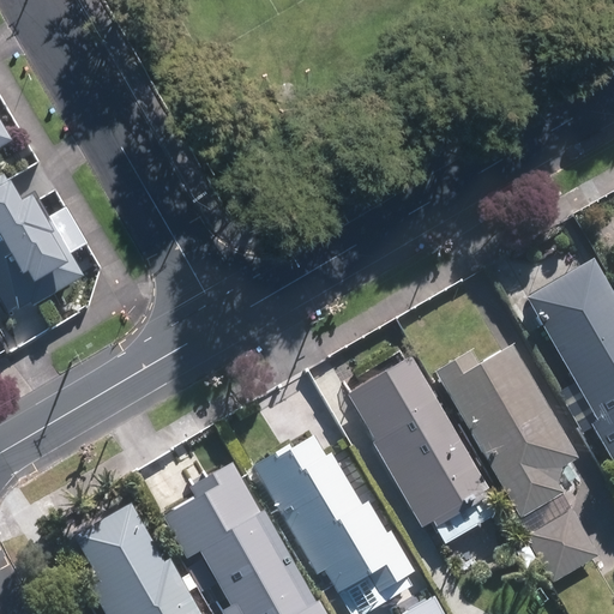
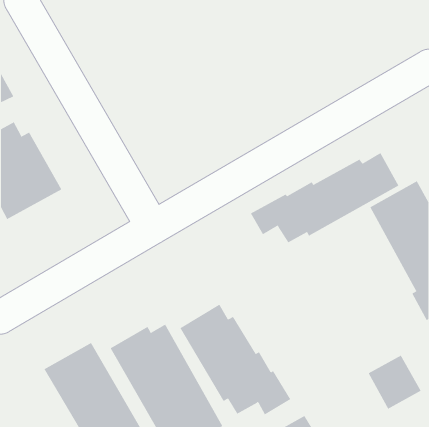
building: none -> [250,152,399,243]
building: [438,349,579,519] -> none
building: [342,355,492,534] -> none

